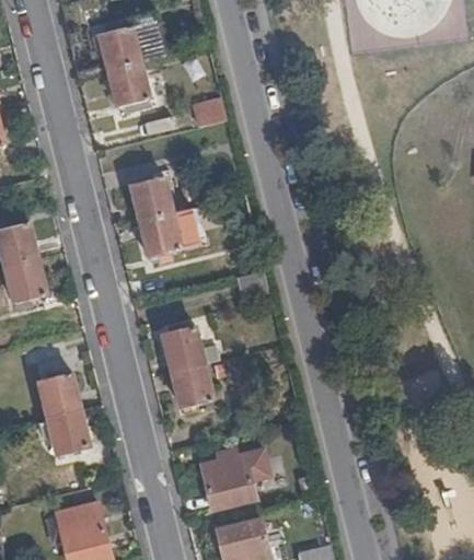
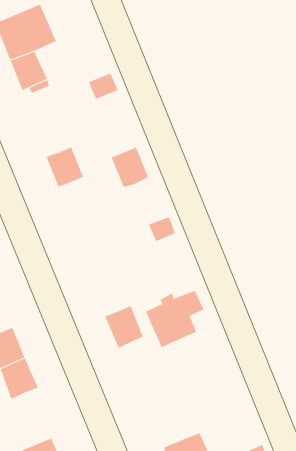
building: [142,213,182,257] -> [111,147,149,188]
building: [164,331,205,374] -> none
building: [201,451,268,511] -> [145,290,204,348]

